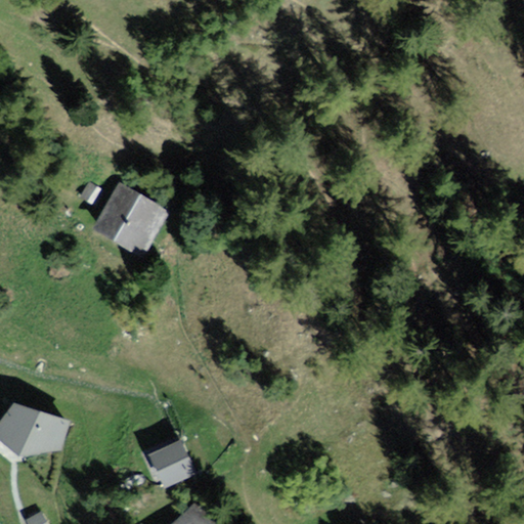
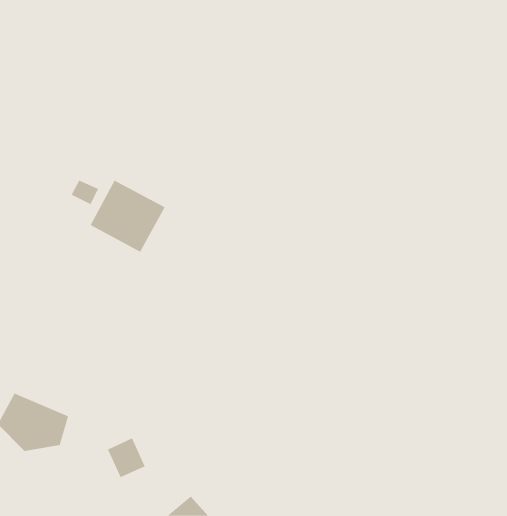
building: [149,448,188,489] -> [107,437,146,478]

